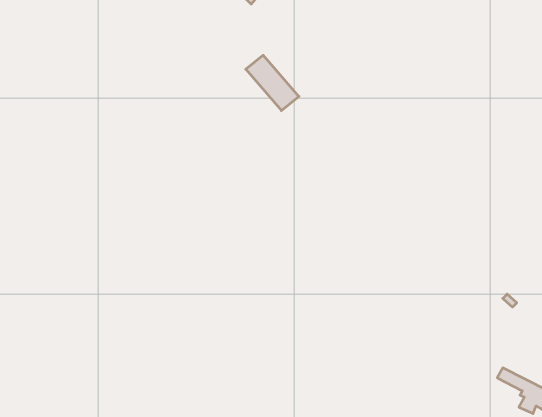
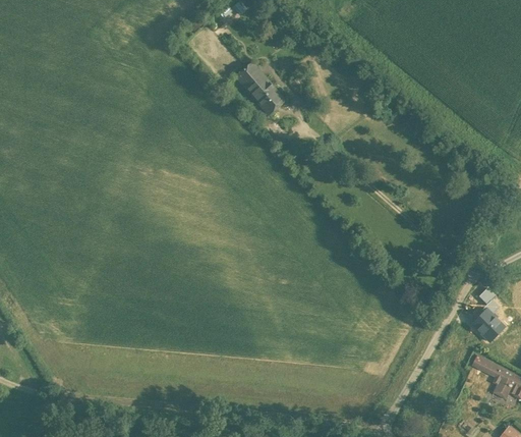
building: none -> [468,307,500,339]

